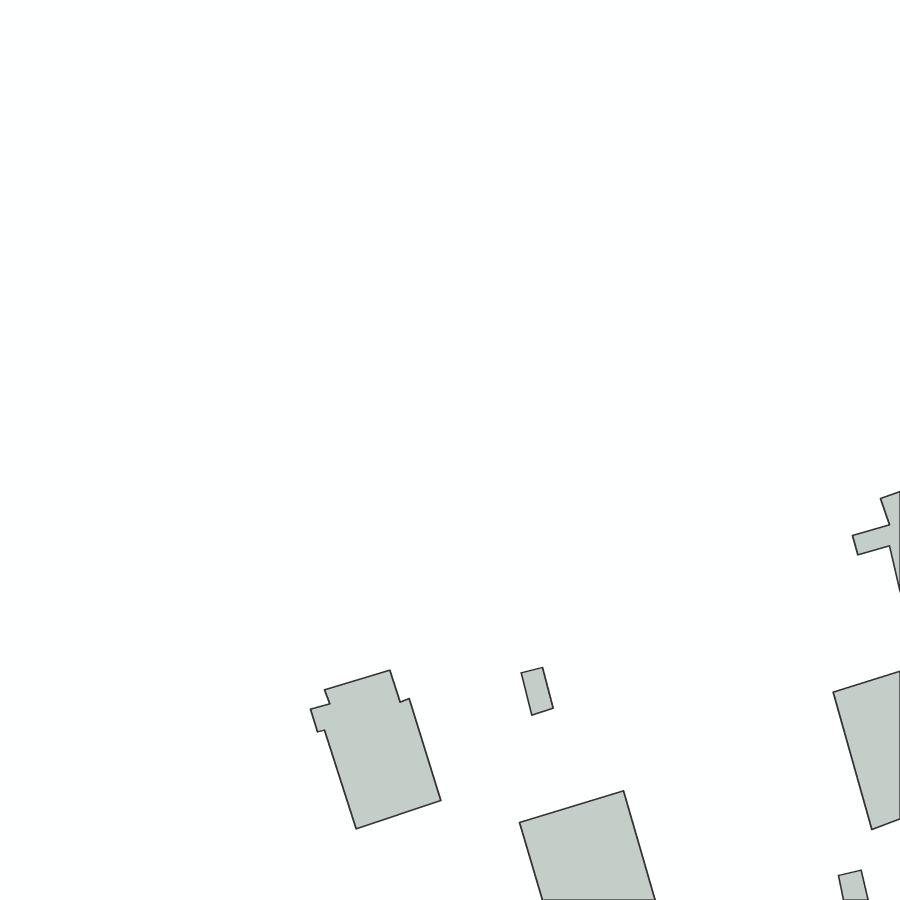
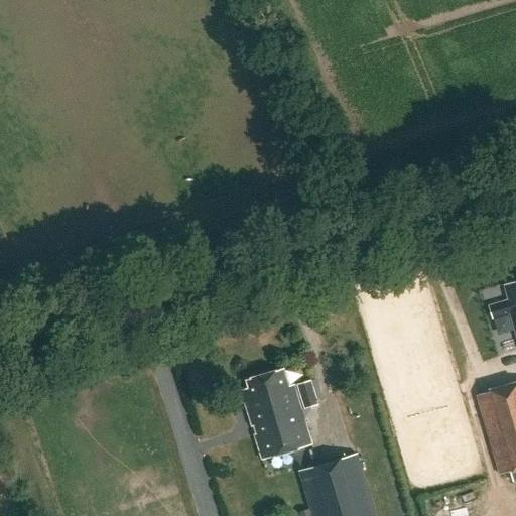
building: [310,670,441,829] -> [238,369,312,460]

